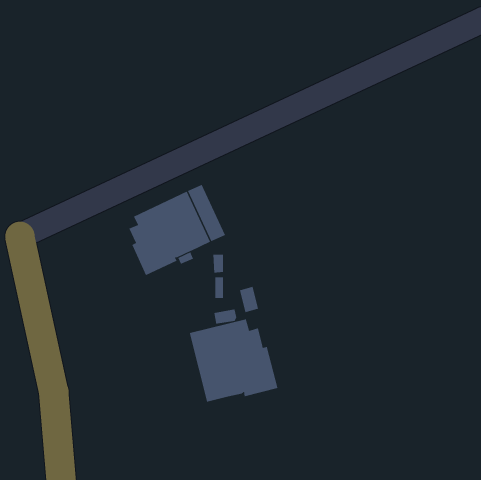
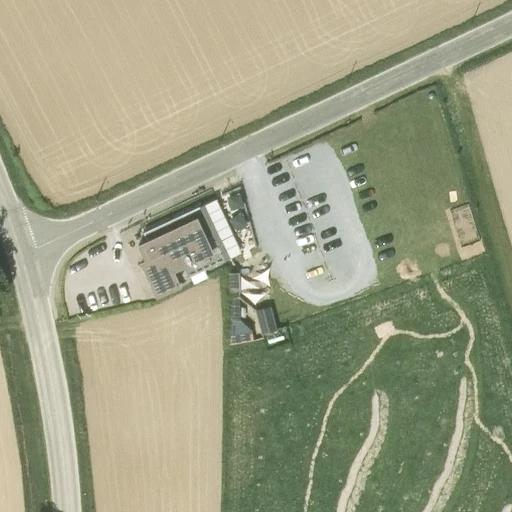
building: [189,319,278,402] -> none

